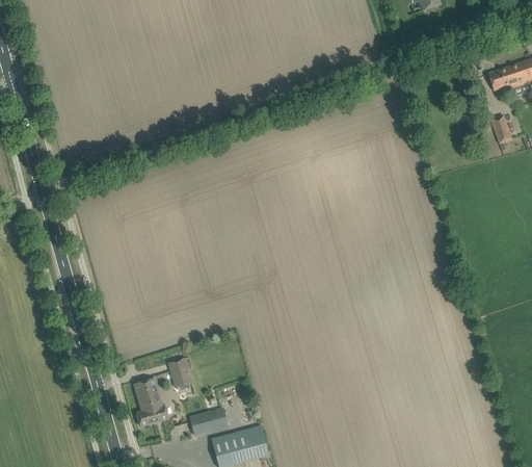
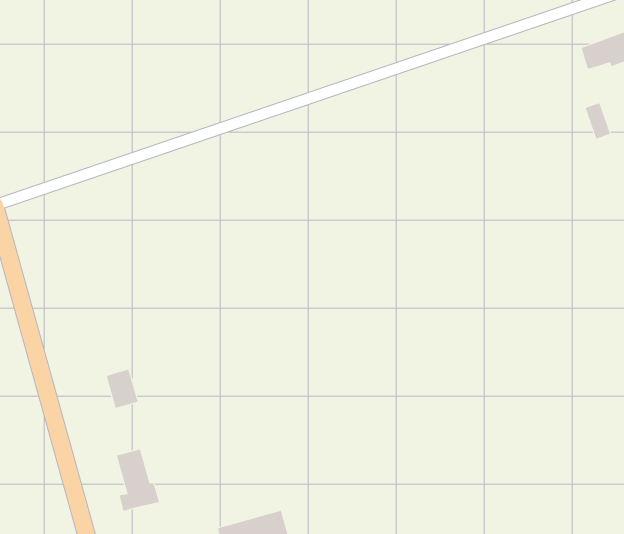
building: [168,357,193,387] -> [106,369,138,409]
building: [190,406,229,434] -> none

